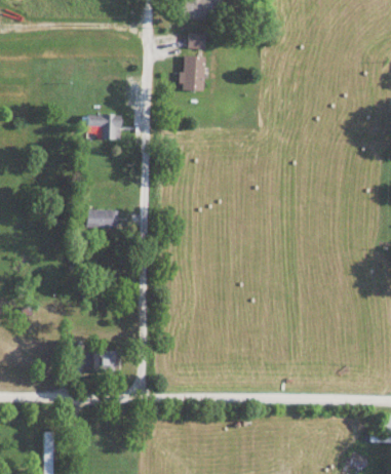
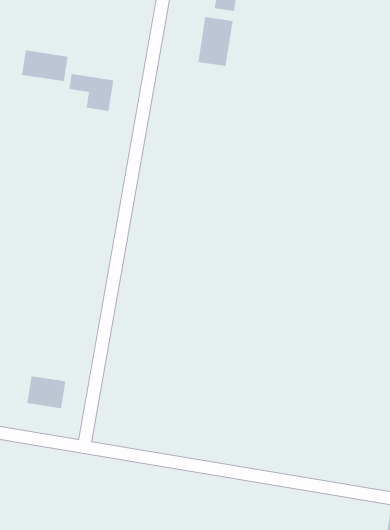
building: none -> [21,50,68,82]
building: [81,209,117,227] -> none

